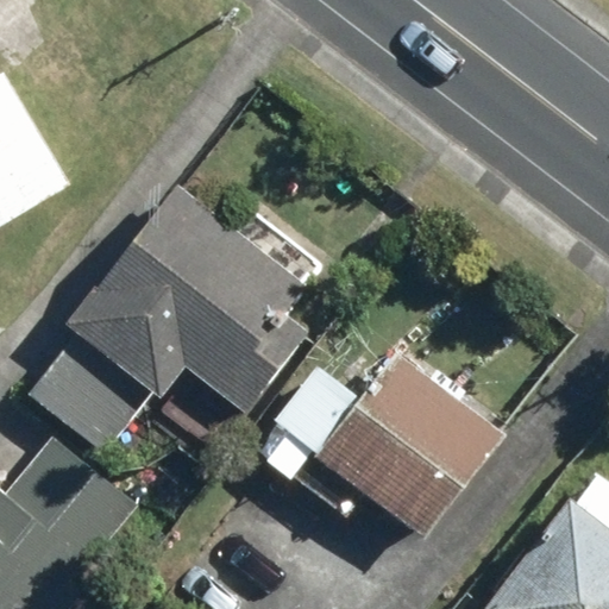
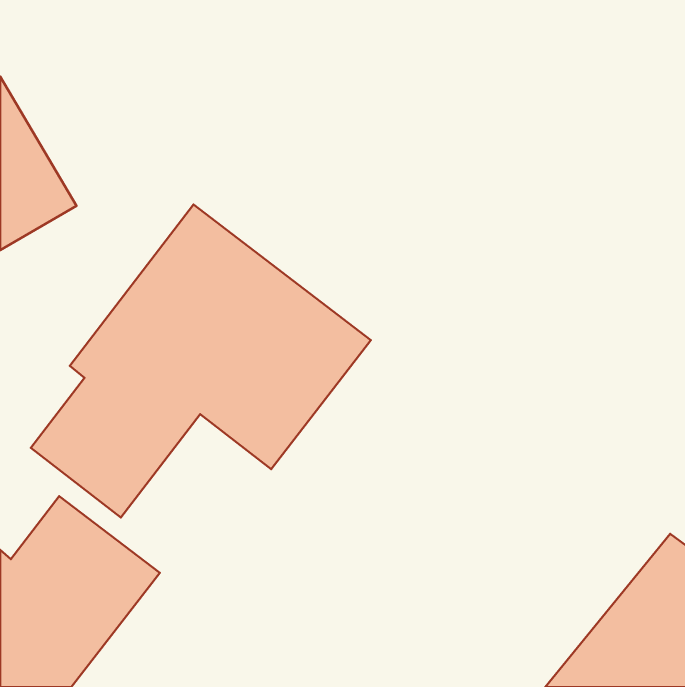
building: [249,354,500,541] -> none

